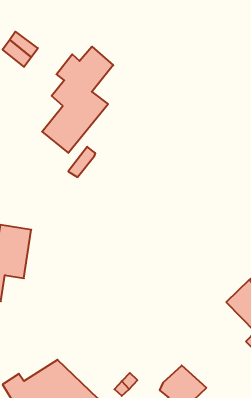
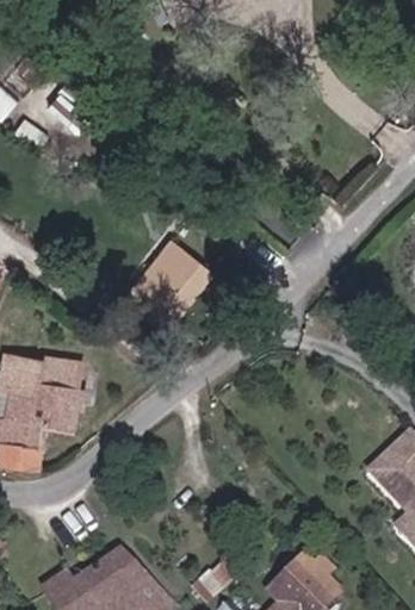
building: [42,47,113,153] -> none
building: none -> [149,255,202,307]

